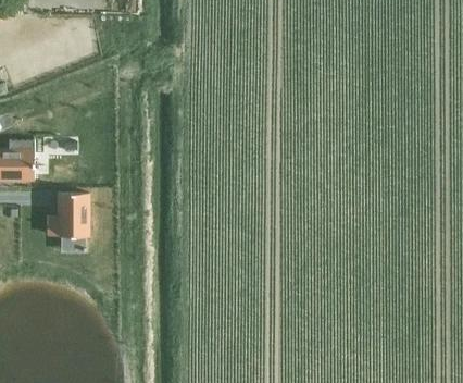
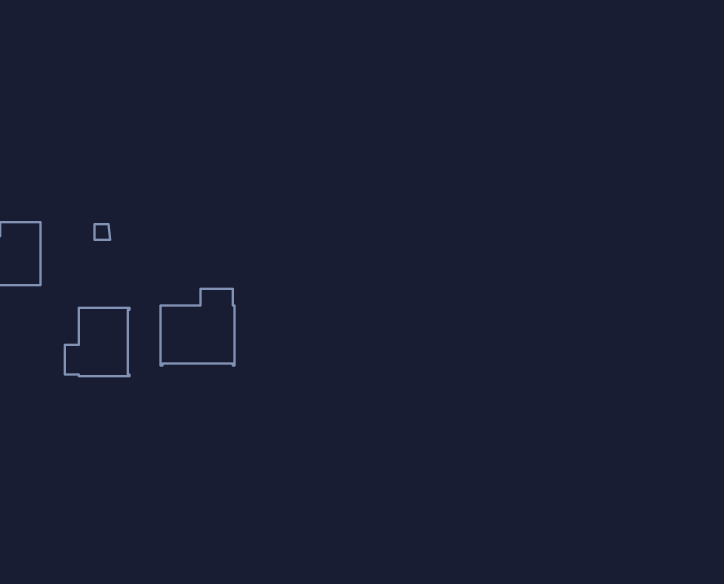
building: none -> [161,289,235,366]

